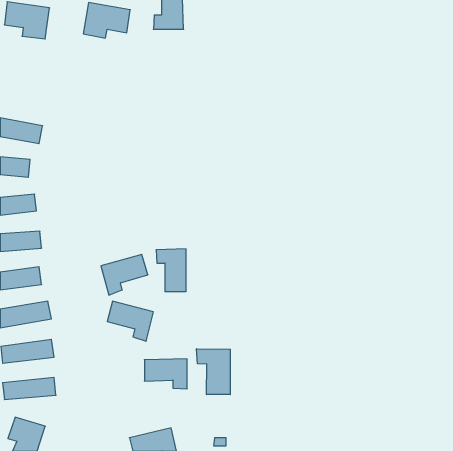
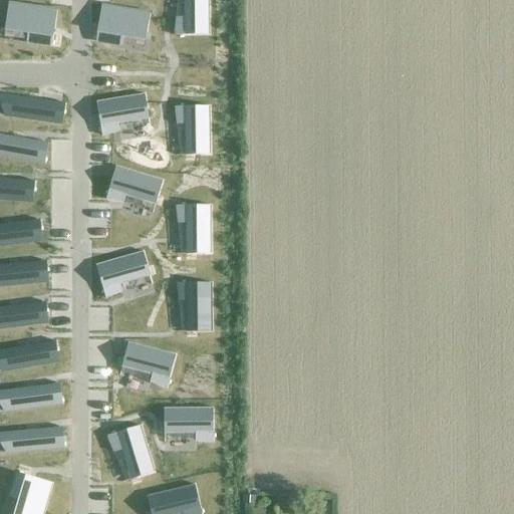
building: none -> [95,92,148,135]
building: none -> [4,94,64,122]
building: none -> [174,105,209,154]
building: none -> [105,166,162,203]
building: none -> [176,204,210,253]
building: [101,254,148,295] -> [96,251,150,297]
building: [197,349,230,395] -> none
building: none -> [107,425,154,478]

